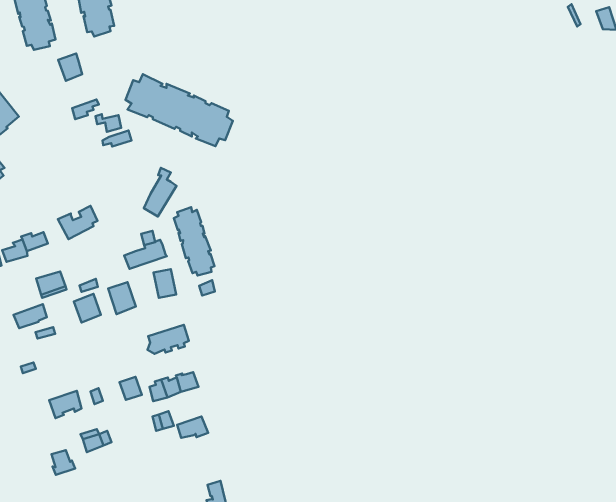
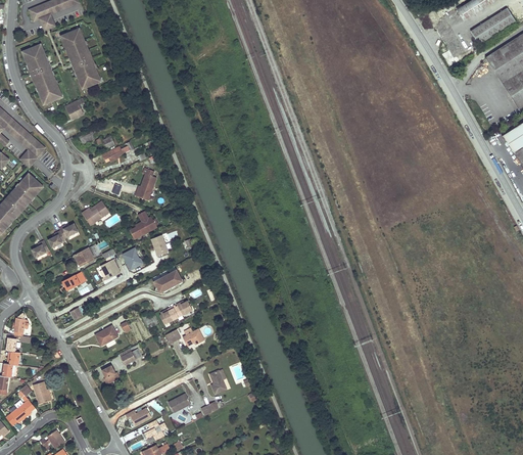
building: [126,74,233,146] -> none
building: [174,207,215,275] -> none

